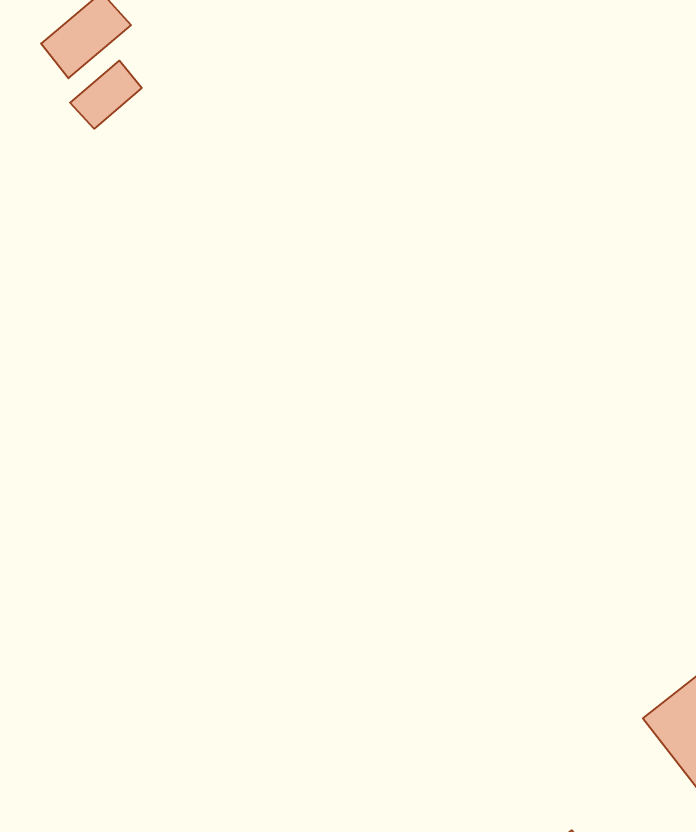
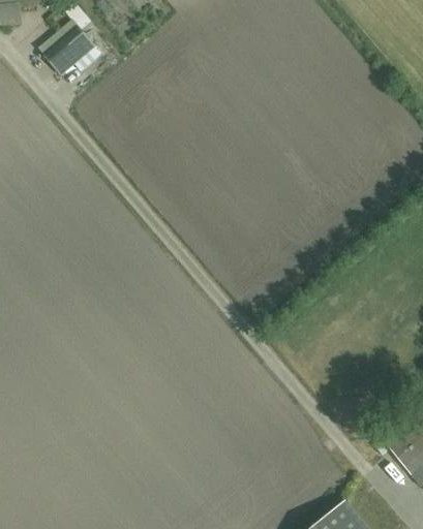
building: [70,61,142,129] -> none

